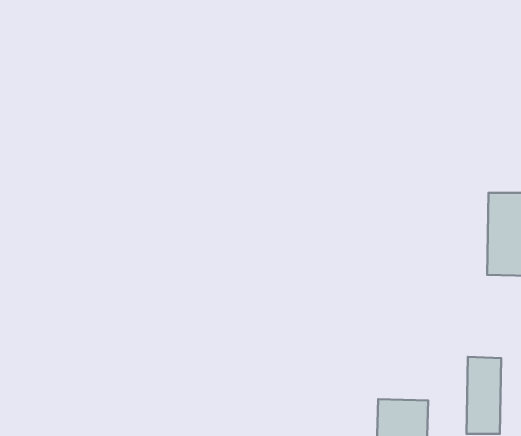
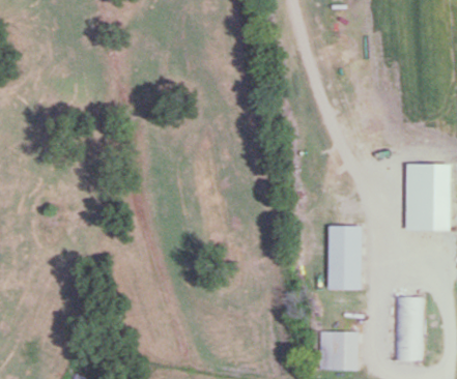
building: none -> [329,225,363,289]

